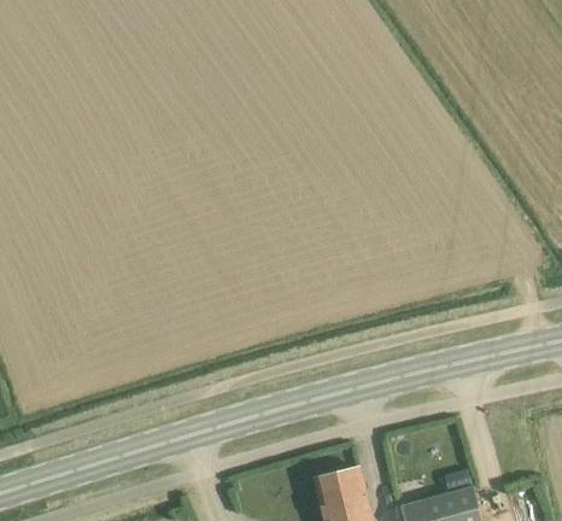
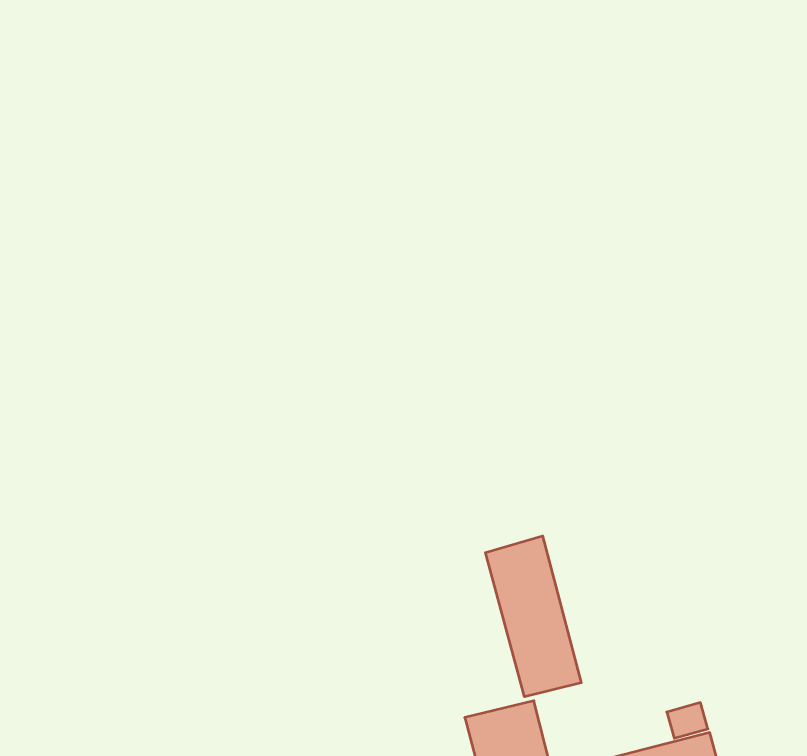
building: none -> [485,536,581,697]

